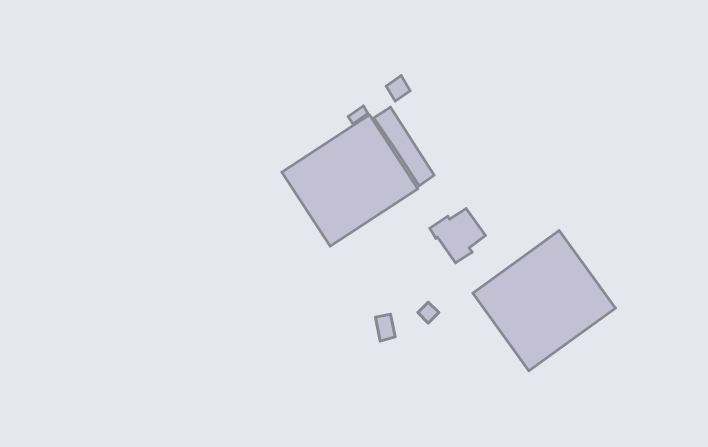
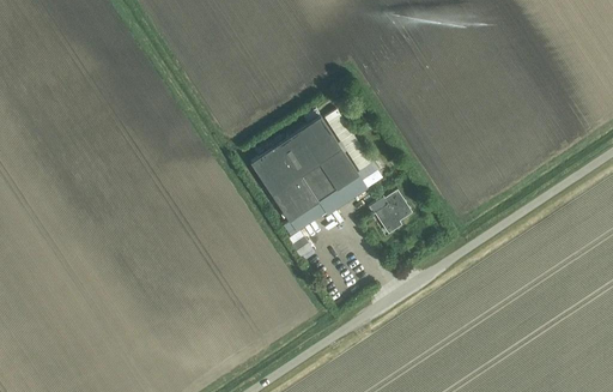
building: [473,230,615,371] -> none

